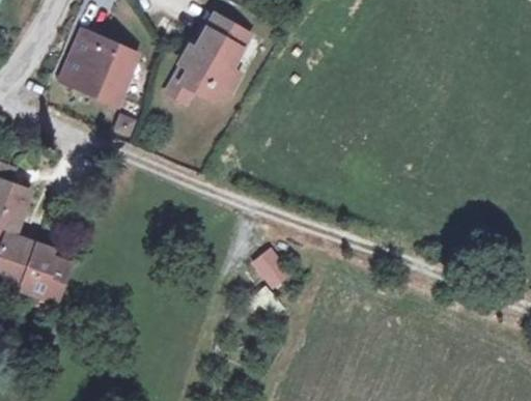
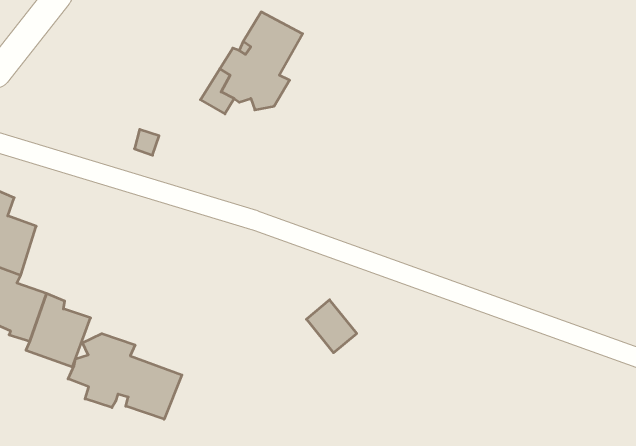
building: [65,35,133,98] -> none
building: none -> [68,334,182,419]

